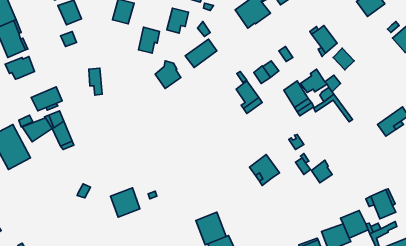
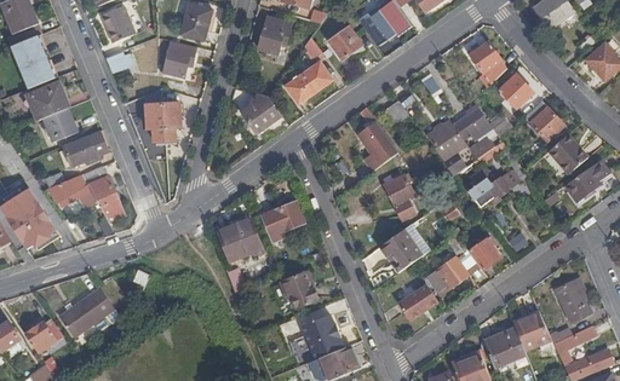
building: none -> [328,27,362,59]
building: [139,27,160,53] -> [165,39,195,76]
building: none -> [523,100,564,142]
building: none -> [162,103,180,142]
building: none -> [44,109,76,140]
building: none -> [547,134,587,174]
building: none -> [470,171,509,207]
building: none -> [385,175,414,220]
building: none -> [262,202,304,242]
building: none -> [429,258,467,294]
building: none -> [281,272,317,307]
building: [111,188,140,217] -> [219,219,262,261]
building: none -> [398,284,437,321]
building: none -> [58,288,114,337]
building: none -> [24,317,62,352]

